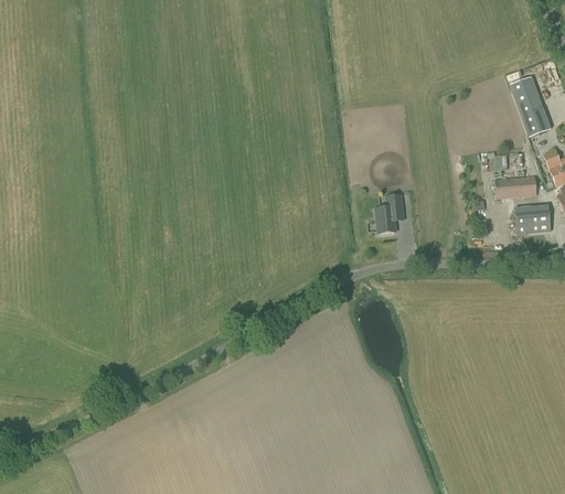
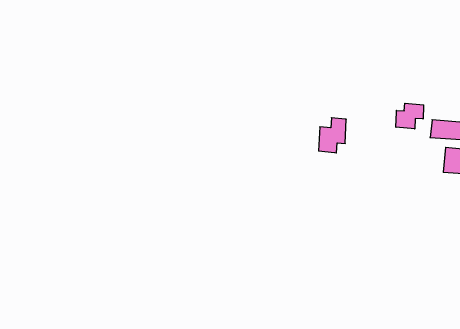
building: none -> [396,103,424,129]

